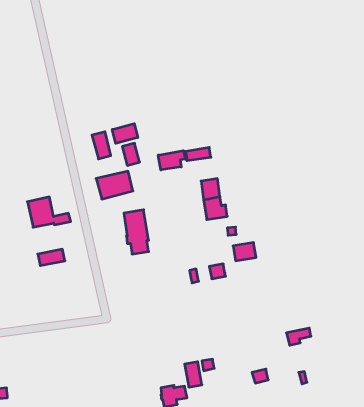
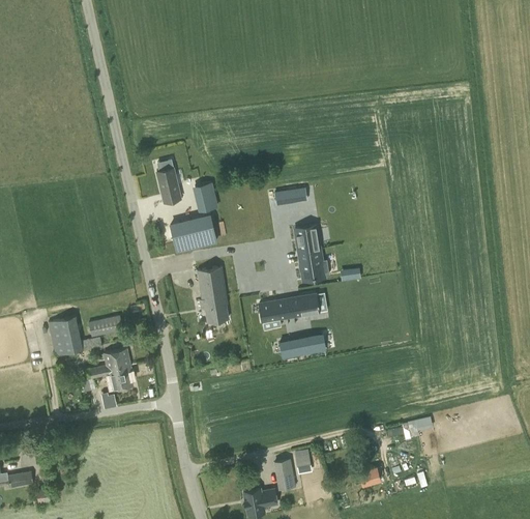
building: [112,124,138,143] -> none
building: [158,151,185,170] -> none
building: [27,197,71,227] -> [48,316,102,354]
building: none -> [260,298,289,321]
building: [233,243,256,261] -> [292,293,321,316]
building: none -> [86,348,132,390]

